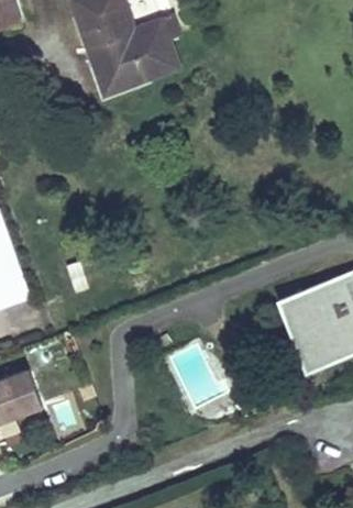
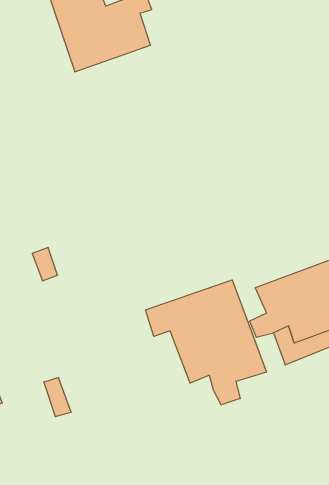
building: none -> [145,280,266,405]

